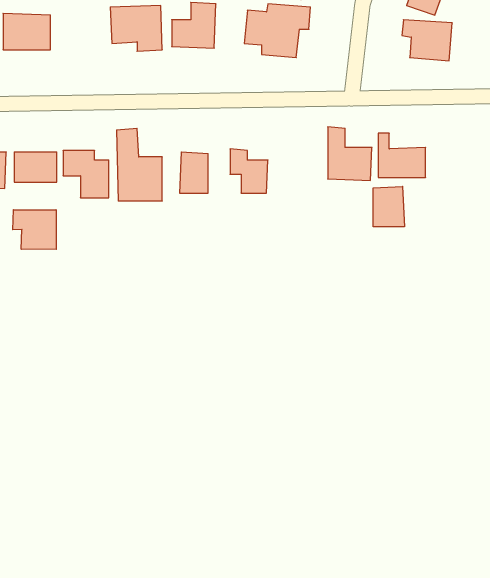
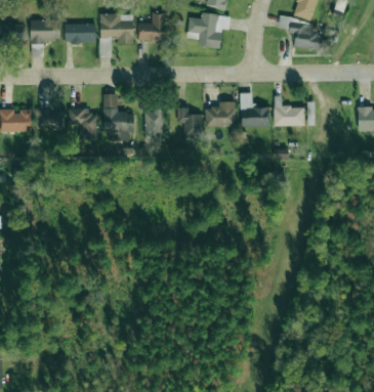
building: none -> [65,24,95,43]
building: none -> [205,102,236,127]
building: [373,186,404,227] -> none
building: [13,210,56,249] -> none

